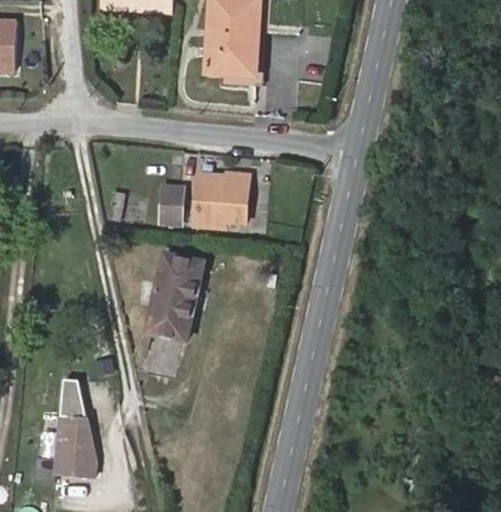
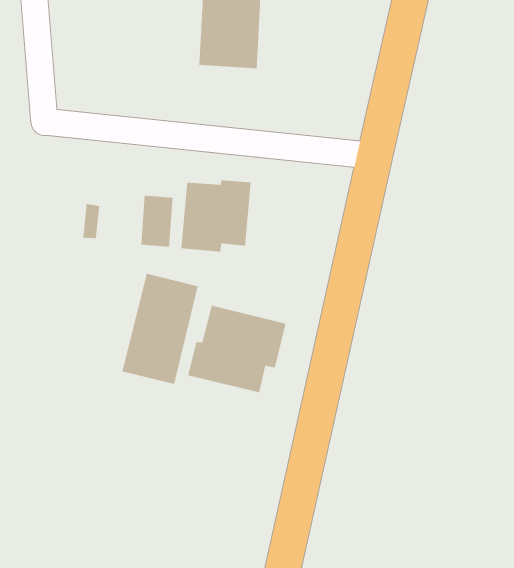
building: none -> [187,305,286,393]
building: [53,379,100,478] -> none

